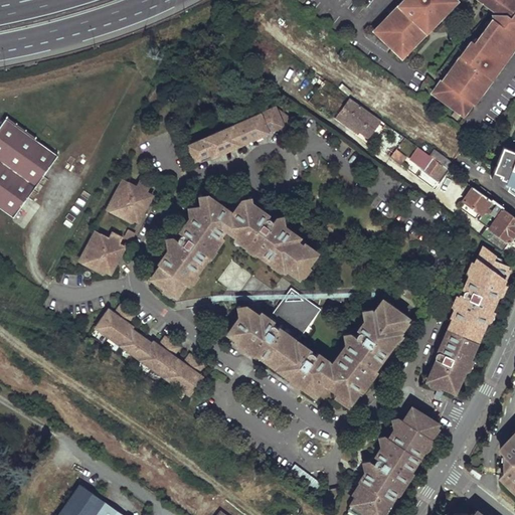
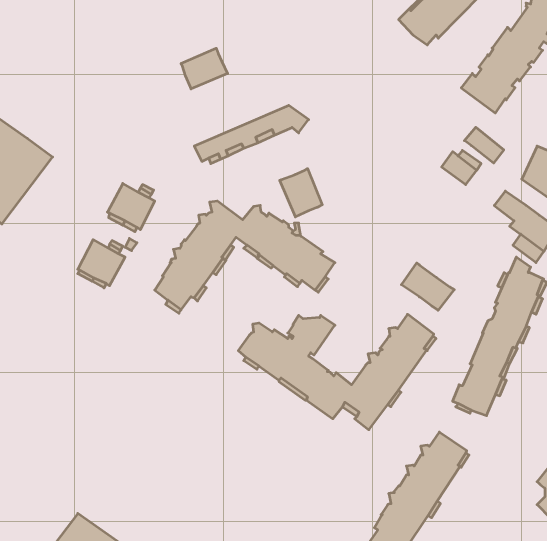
building: none -> [181,48,228,89]
building: [338,99,380,137] -> none
building: none -> [464,127,504,163]
building: none -> [280,169,322,217]
building: none -> [401,263,454,310]
building: [96,306,203,396] -> none

